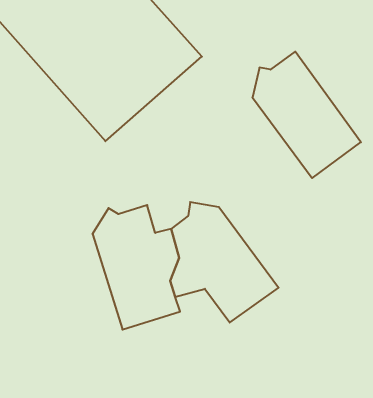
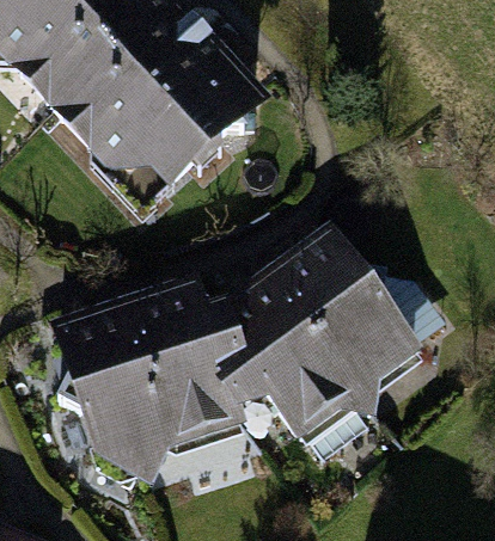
building: [252,52,361,178] -> [286,245,416,396]
building: none -> [60,315,170,468]

